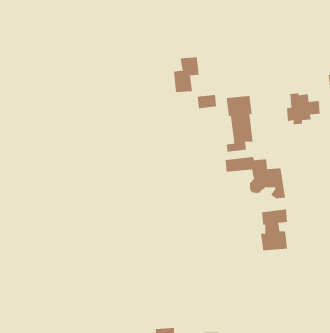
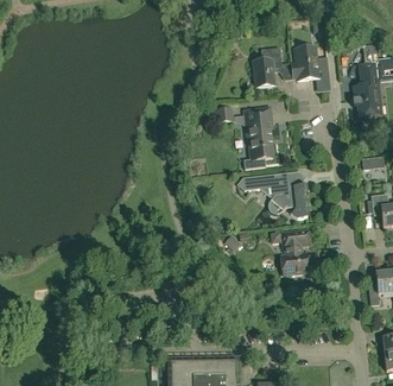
building: [173,57,200,93] -> [253,48,281,86]
building: [286,93,321,125] -> [291,48,328,82]

